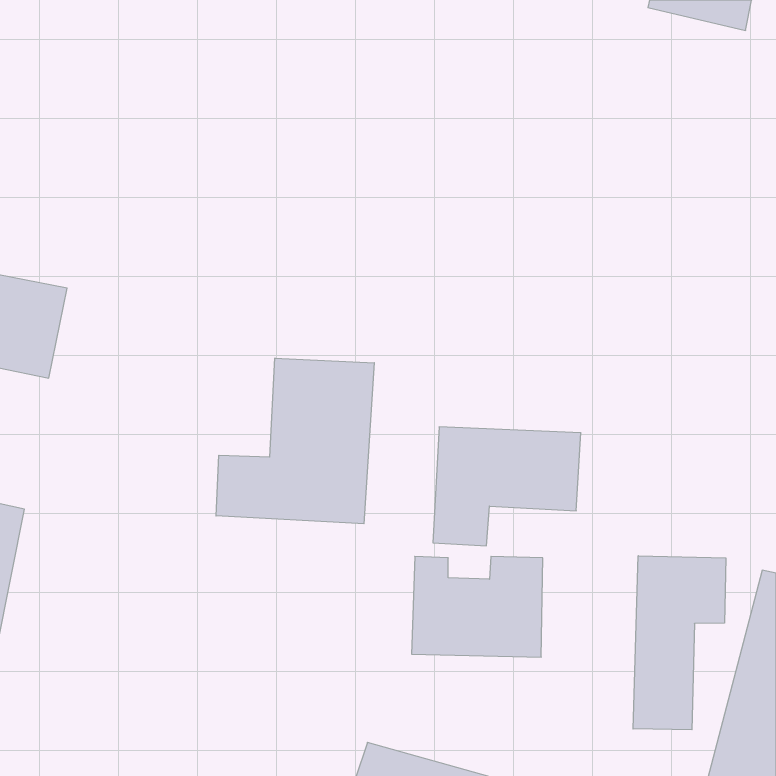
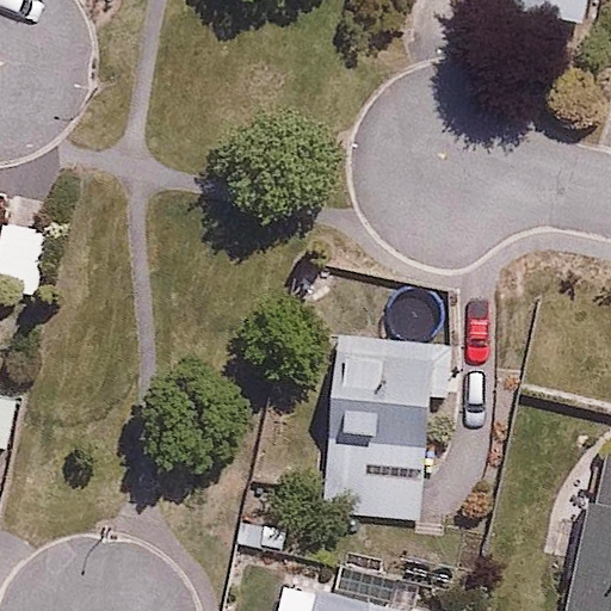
building: [216,358,374,524] -> none
building: [633,556,726,730] -> none

